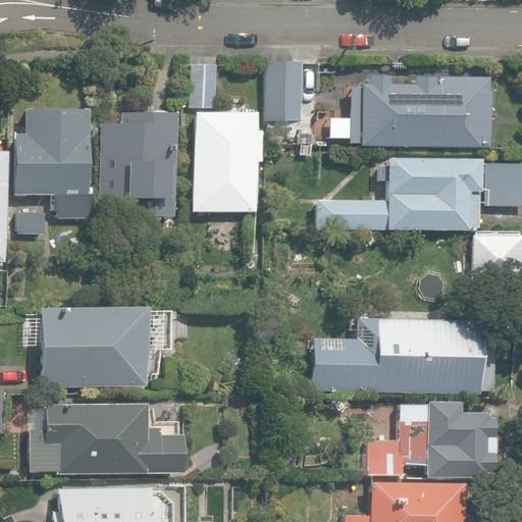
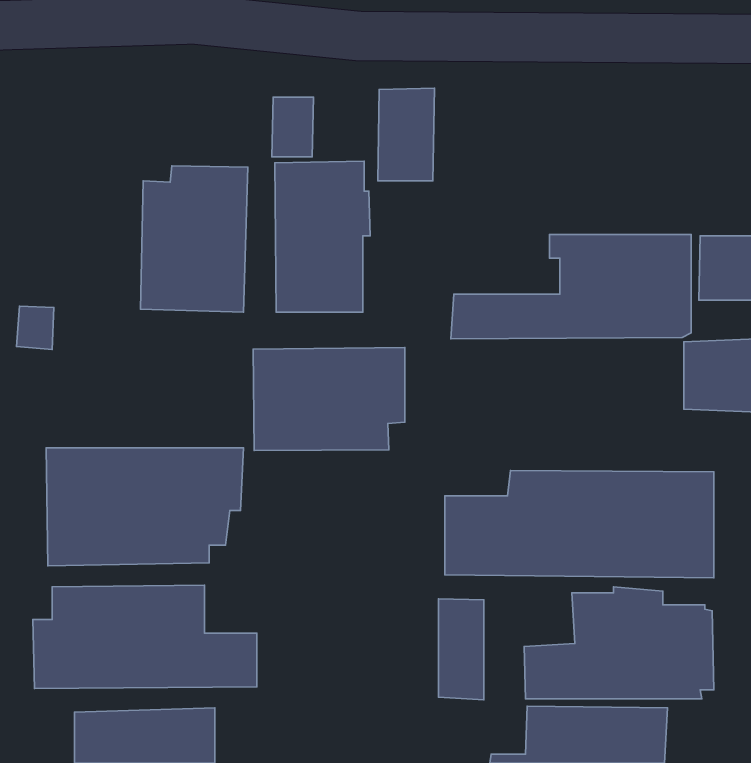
building: [354,74,492,147] -> none
building: [12,103,94,214] -> none
building: none -> [253,348,405,450]
building: none -> [439,599,484,700]

